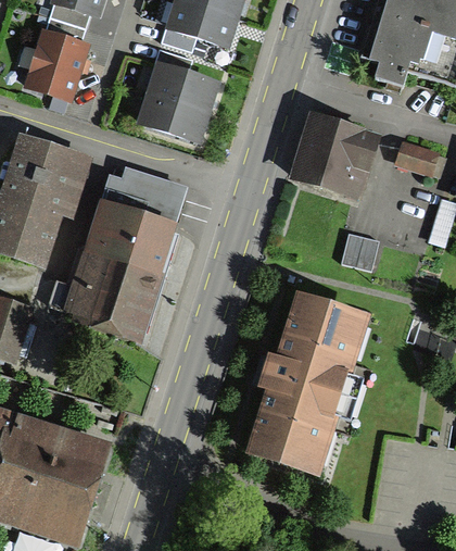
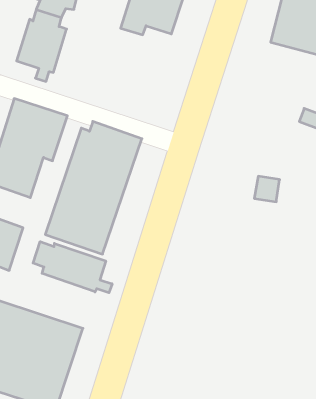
building: [135,47,219,142] -> none
building: [292,117,371,195] -> none
building: [248,298,378,483] -> none
building: none -> [33,242,112,293]

